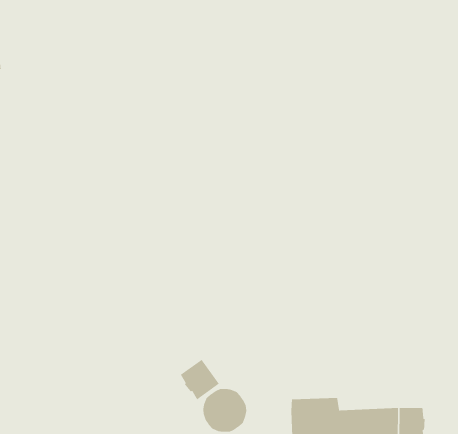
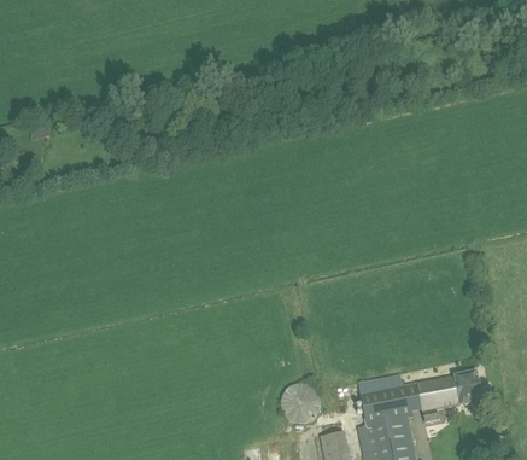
building: [180,359,220,400] -> none

